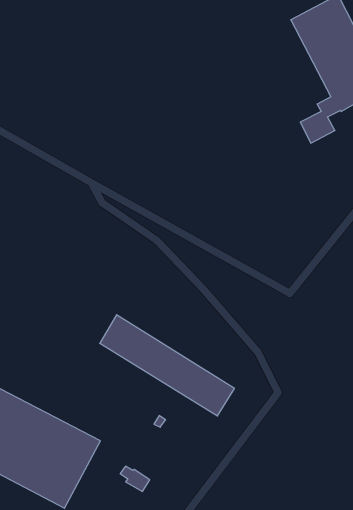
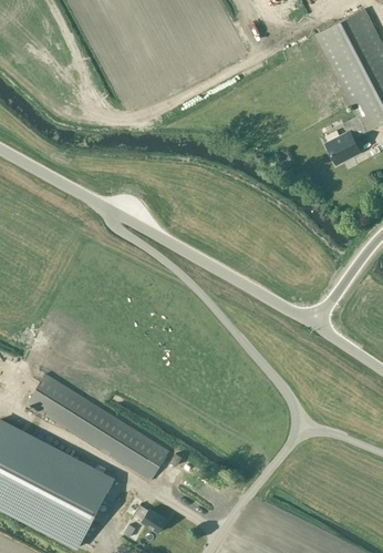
building: [100,315,234,416] -> [28,373,169,480]

